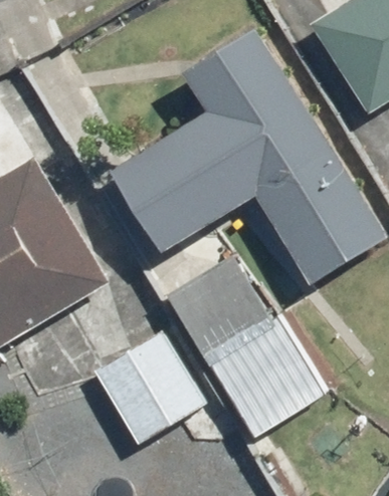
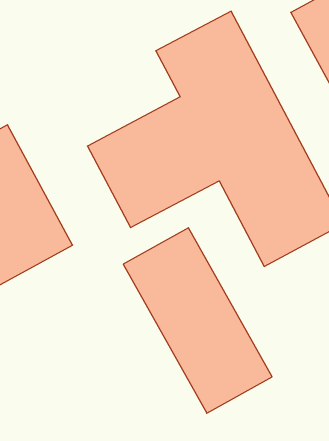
building: [88,327,201,444] -> none

